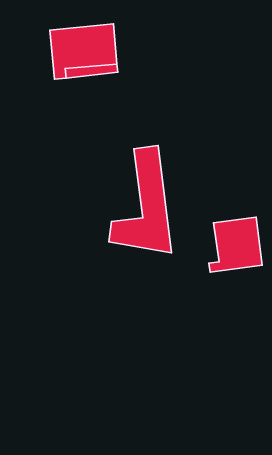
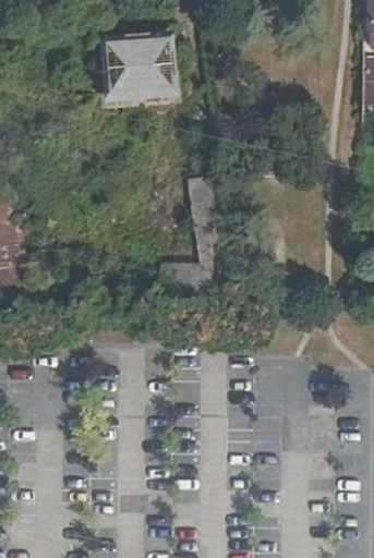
building: [209,217,262,272] -> none

